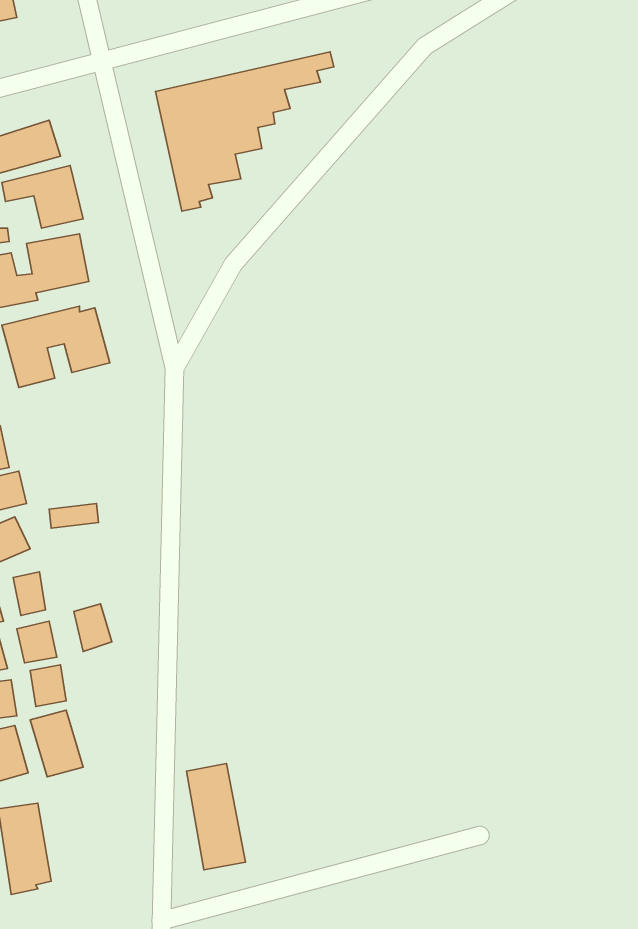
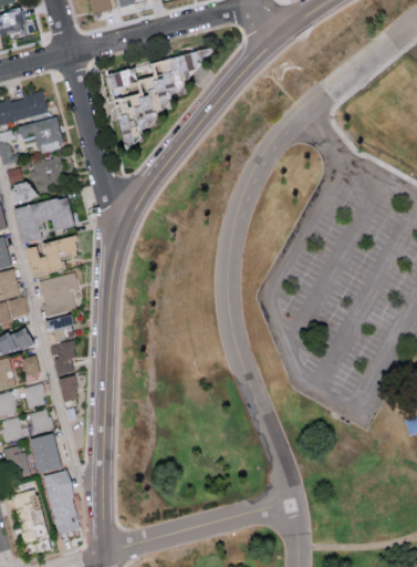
building: none -> [24,234,76,275]
building: none -> [38,271,79,316]
building: none -> [50,340,76,374]
building: [187,763,245,870] -> [43,470,77,532]

